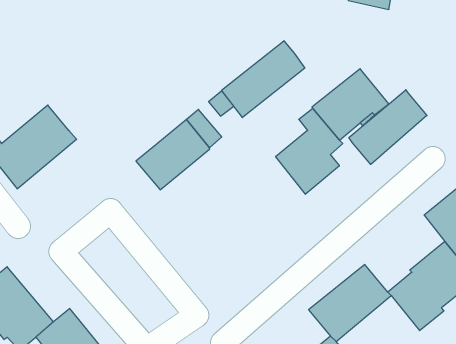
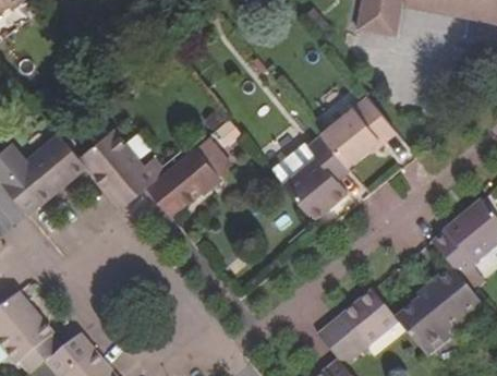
building: [222,41,305,118] -> none
building: [349,90,427,164] -> none
building: none -> [78,129,165,208]

